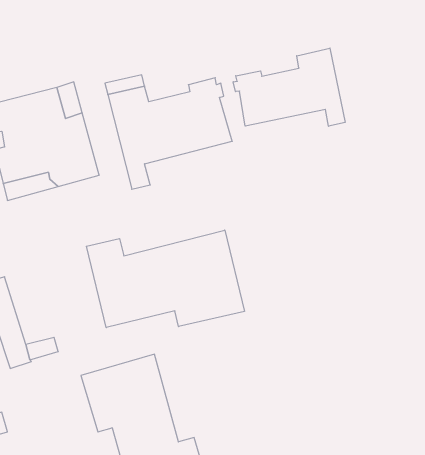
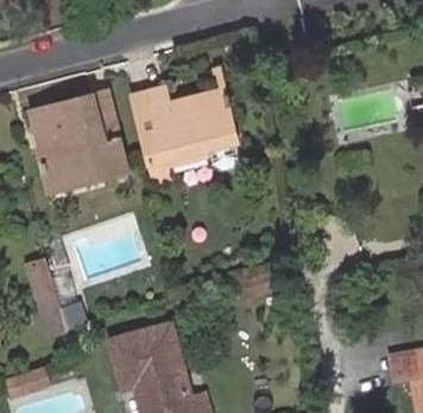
building: [233,48,345,126] -> none
building: [86,230,244,328] -> none

